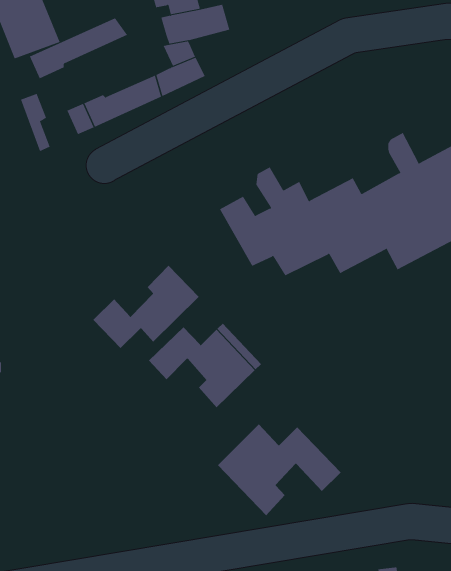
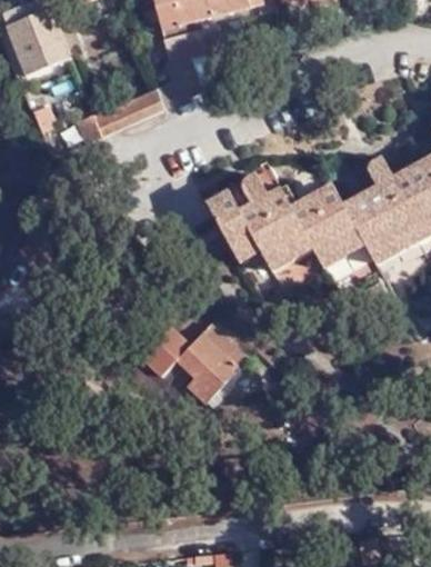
building: [29,18,128,79] -> none
building: [92,265,200,349] -> none
building: [217,424,341,516] -> none

